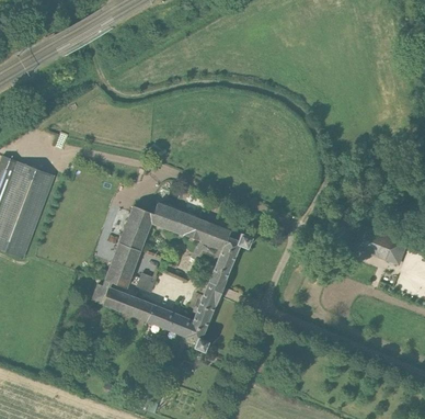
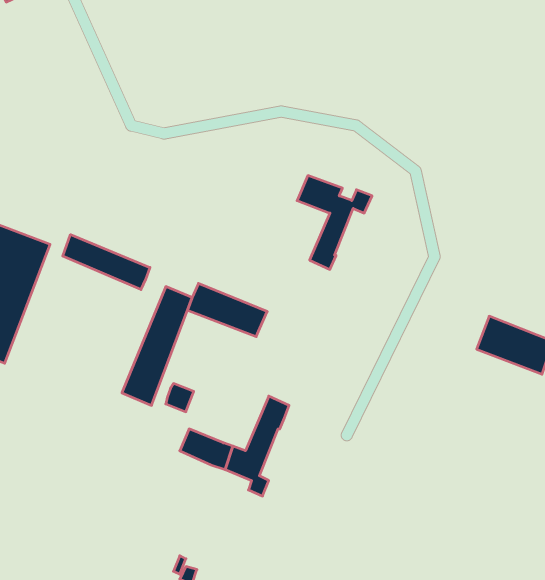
building: none -> [63,235,150,290]
building: [199,223,252,288] -> [297,176,372,269]
building: [92,283,152,320] -> none

